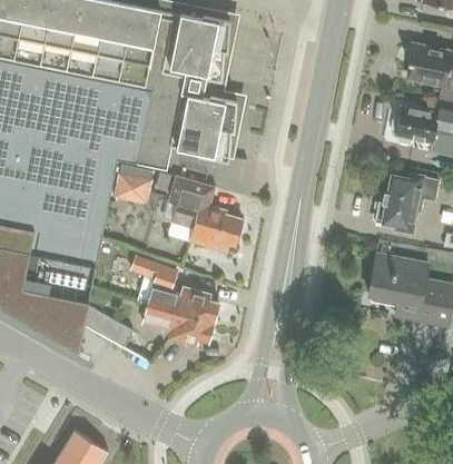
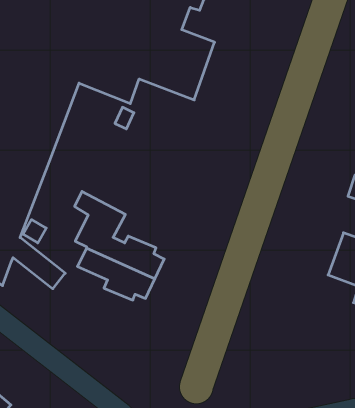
building: [116,172,152,203] -> none
building: [169,177,244,254] -> none

